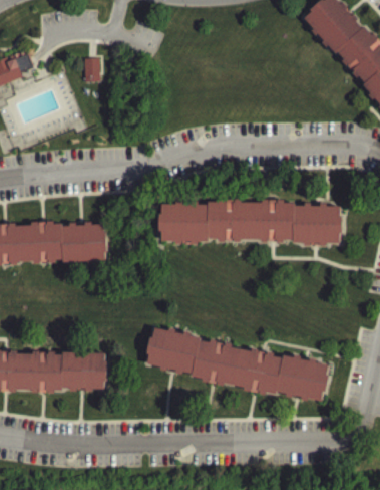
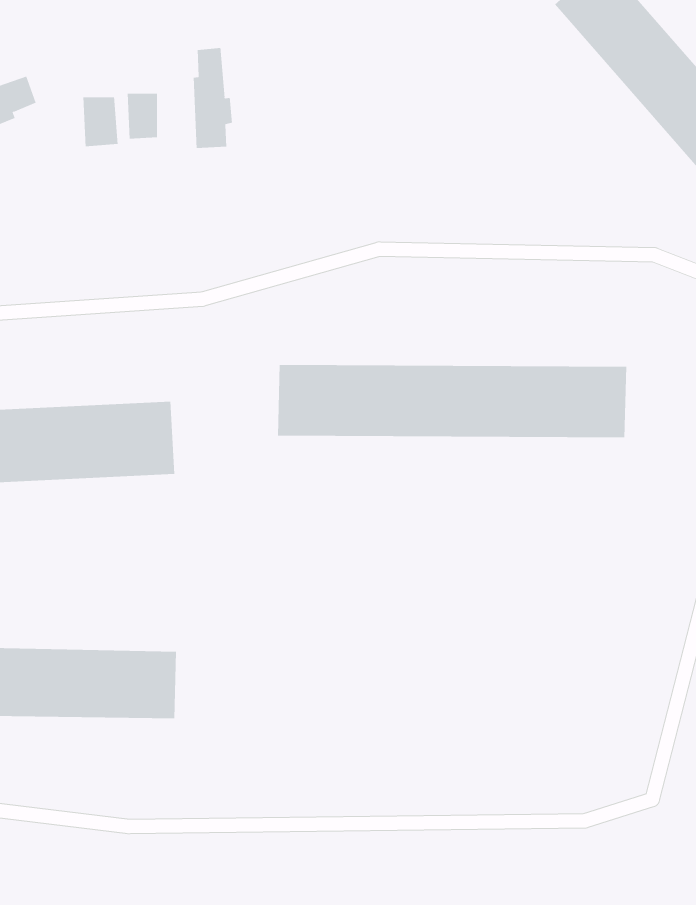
building: none -> [193,47,232,149]
building: none -> [83,96,118,147]
building: [146,326,329,401] -> none

